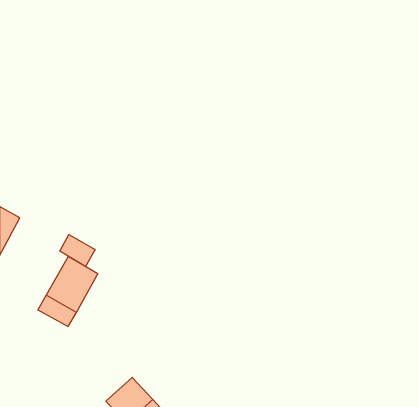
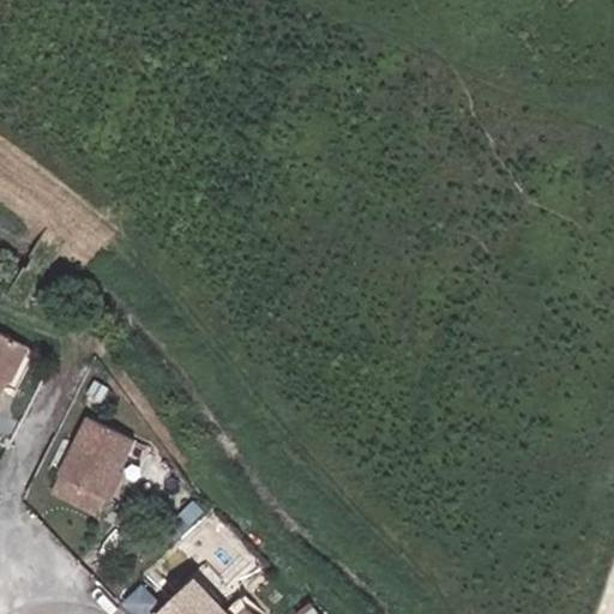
building: [60,235,95,267] -> none

